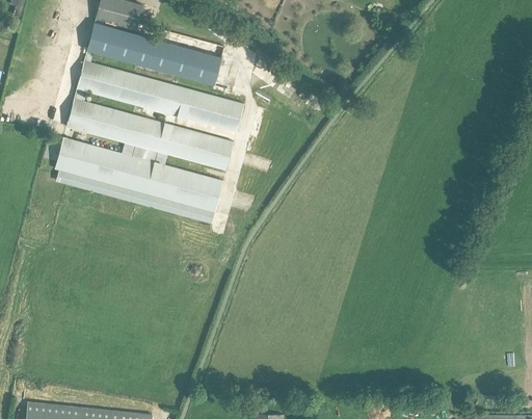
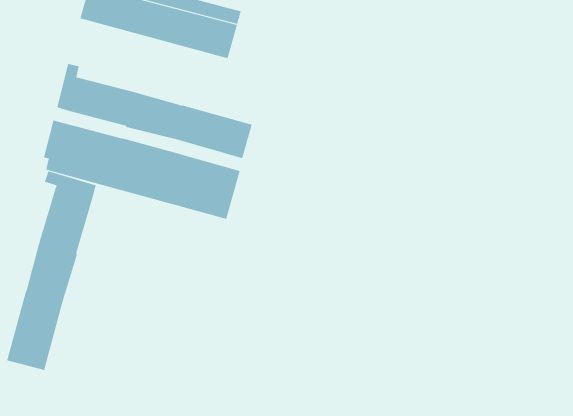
building: [77,52,245,133] -> none
building: none -> [7,170,96,371]

